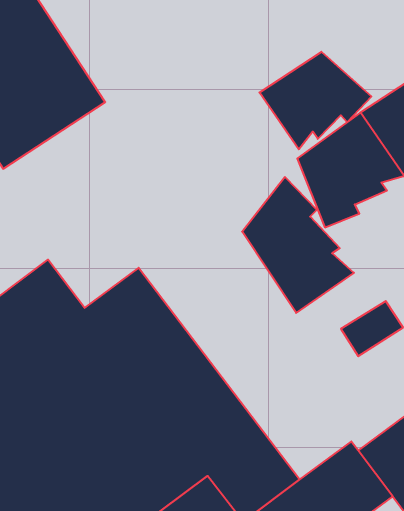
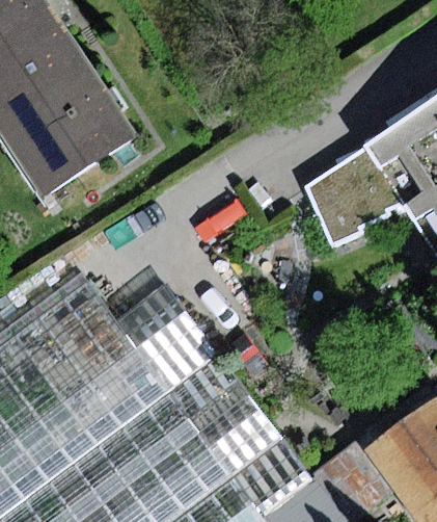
building: [259,52,371,149] -> none
building: [242,177,354,313] -> none

